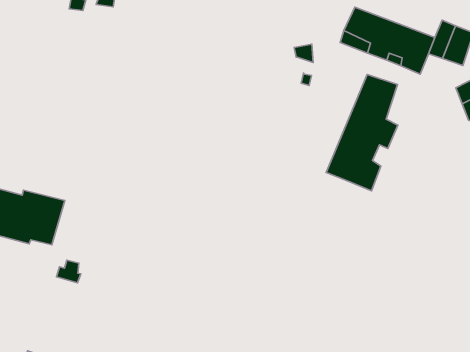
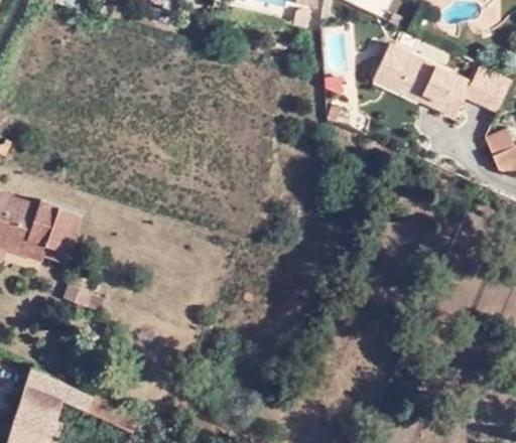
building: [326,74,398,191] -> none

